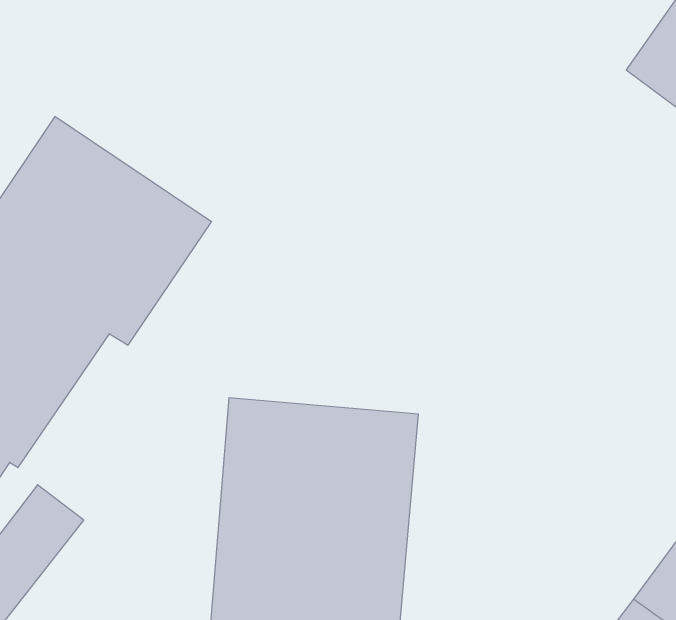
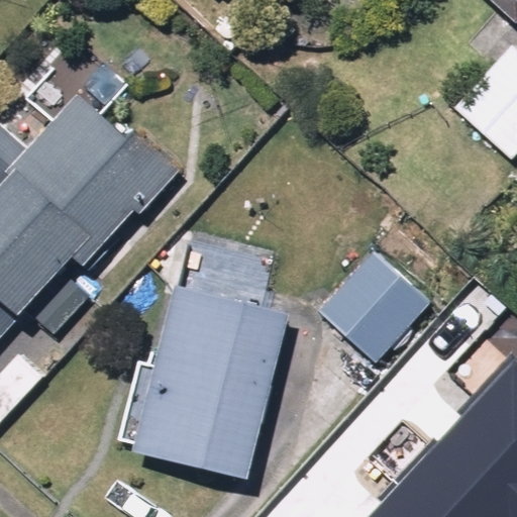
building: none -> [315,251,424,360]

